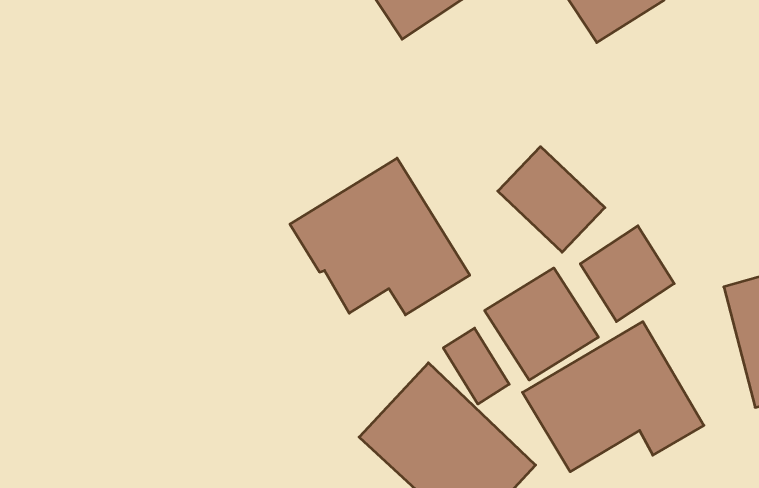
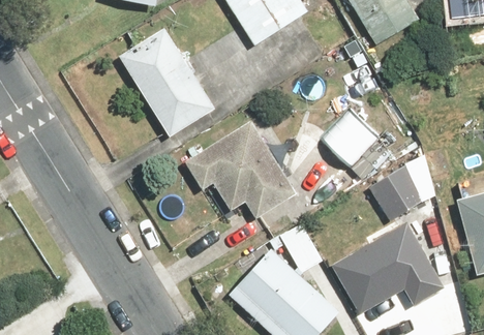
building: none -> [120,27,215,138]
building: [485,268,598,380] -> none

